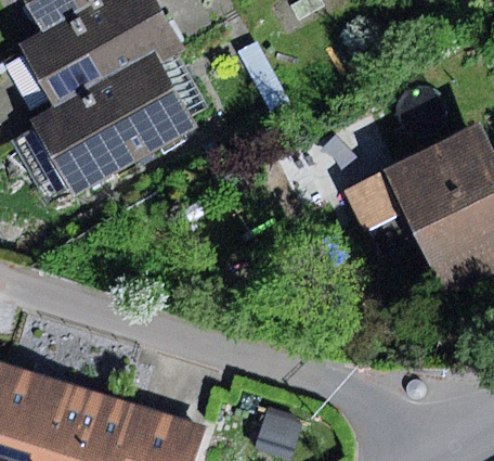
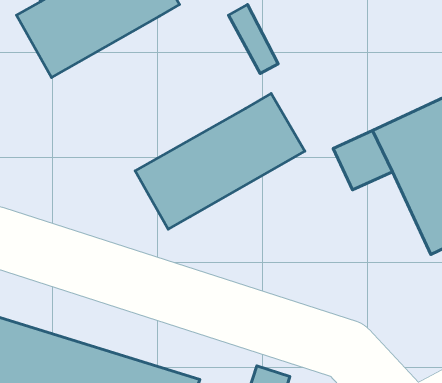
building: [34,52,205,199] -> none
building: none -> [135,94,305,229]

